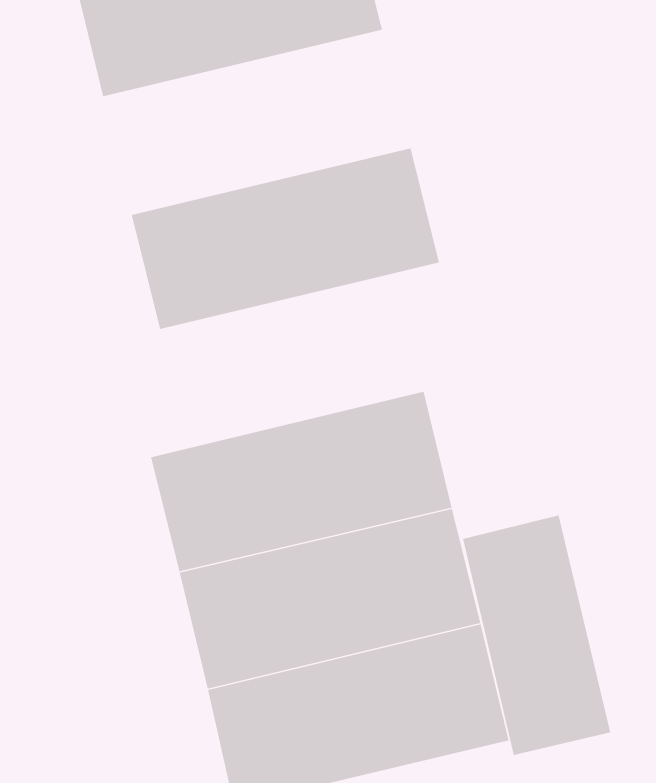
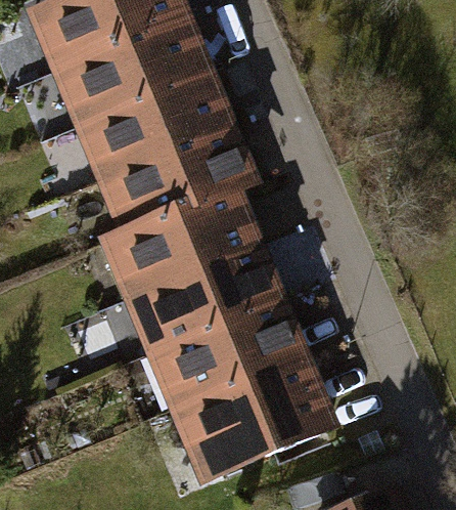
building: none -> [75,73,236,188]
building: none -> [105,196,264,310]
building: [462,514,611,756] -> none

